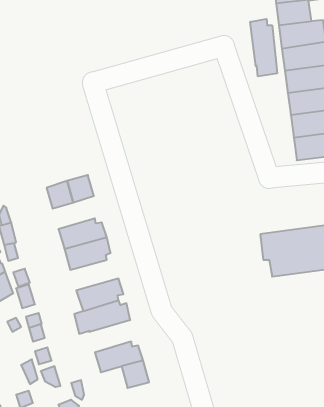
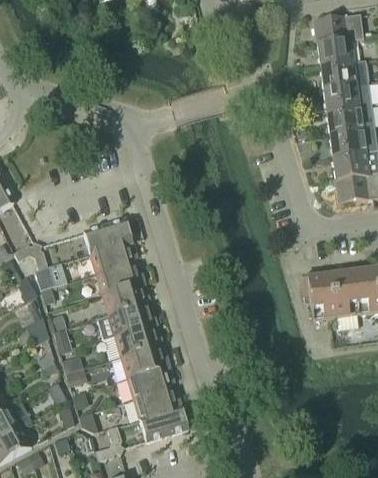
building: [250,19,277,76] -> none
building: none -> [89,239,136,273]
building: none -> [94,304,156,339]
building: none -> [126,365,173,398]
building: none -> [138,412,165,440]

